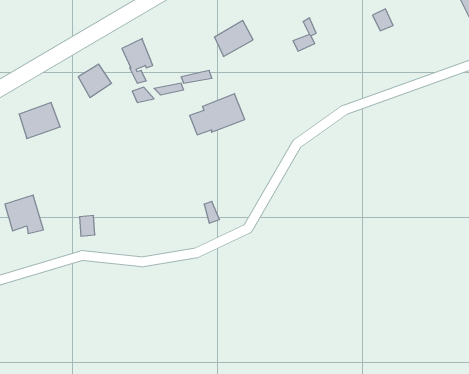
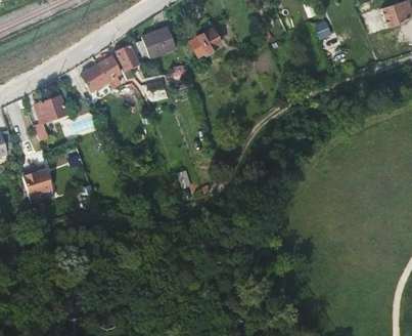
building: none -> [97,55,122,87]
building: [190,94,245,135] -> [132,27,176,59]

